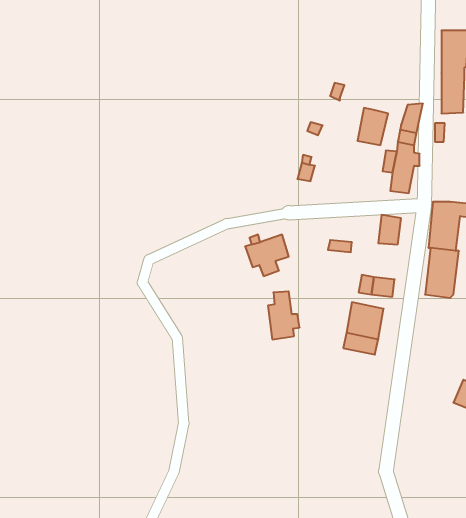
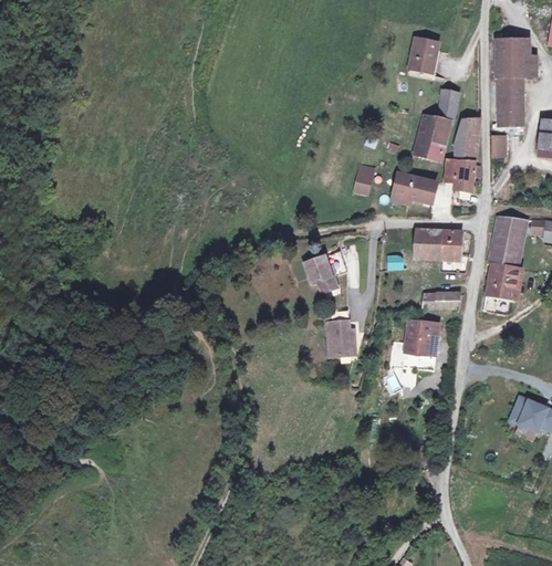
building: none -> [412,41,438,72]
building: none -> [434,92,456,126]
building: none -> [394,174,437,202]
building: none -> [414,227,441,258]

